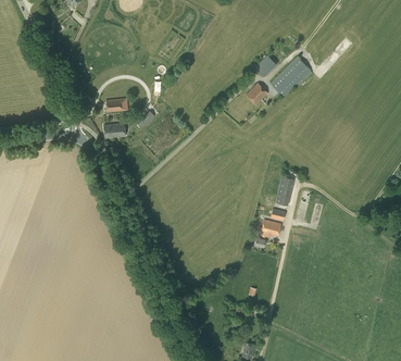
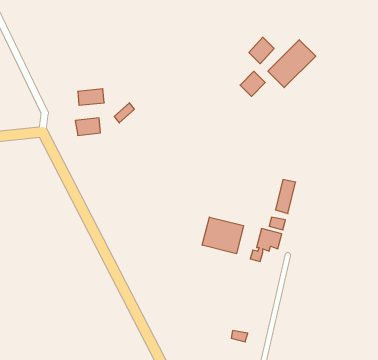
building: none -> [202,217,243,254]

